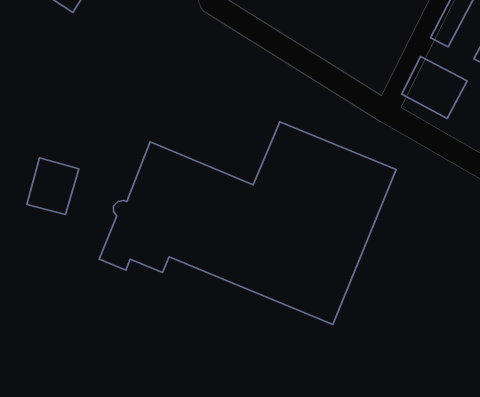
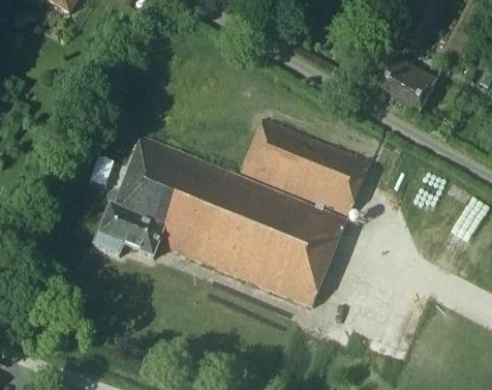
building: [27,158,79,214] -> none

